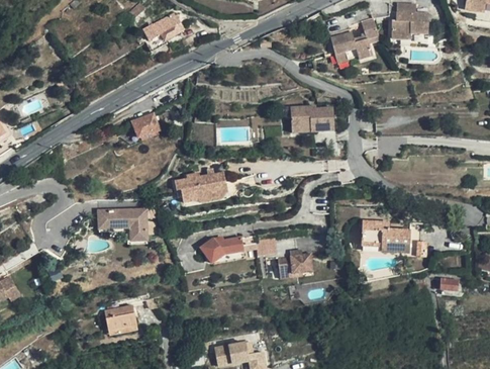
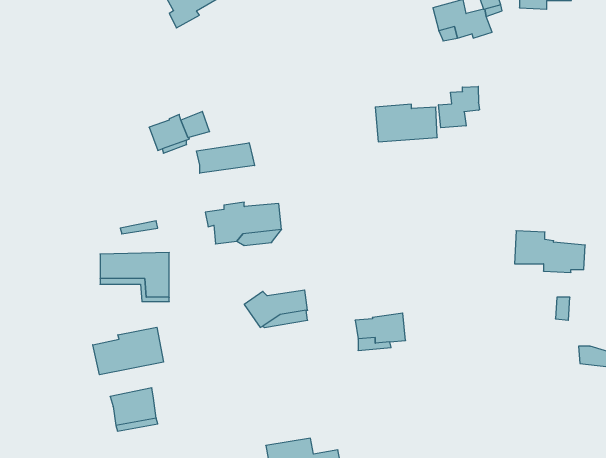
building: none -> [439,86,479,128]
building: none -> [197,143,255,173]
building: [361,220,410,250] -> [515,231,585,272]
building: none -> [93,327,163,375]

